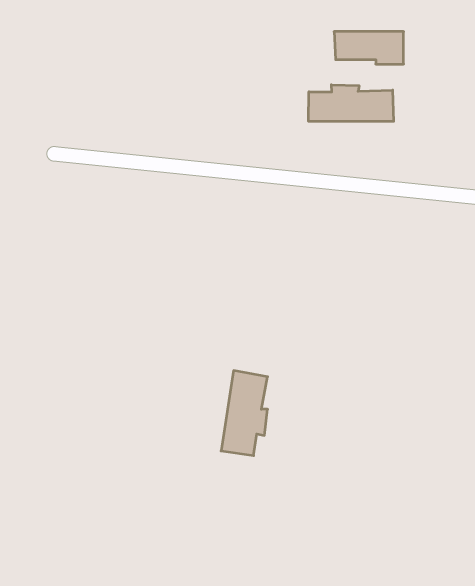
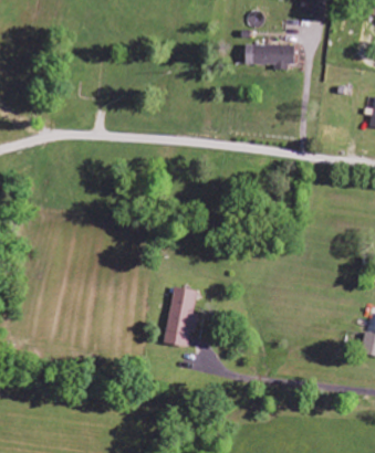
building: [309,85,394,121] -> none

